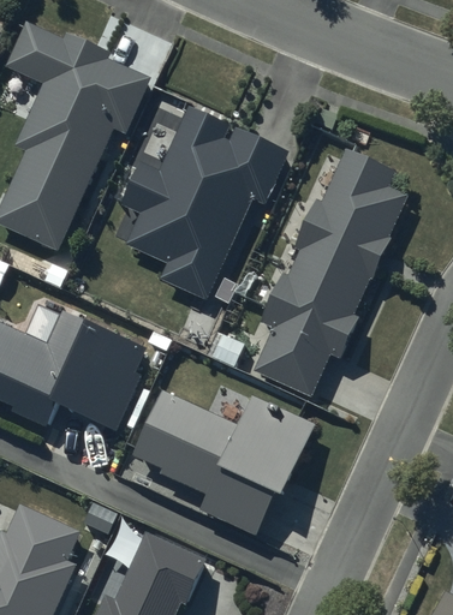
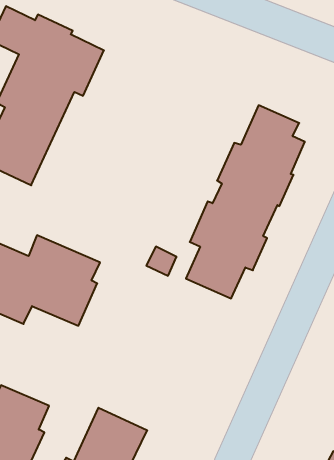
building: [120,105,287,301] -> none
building: [133,392,316,537] -> none

